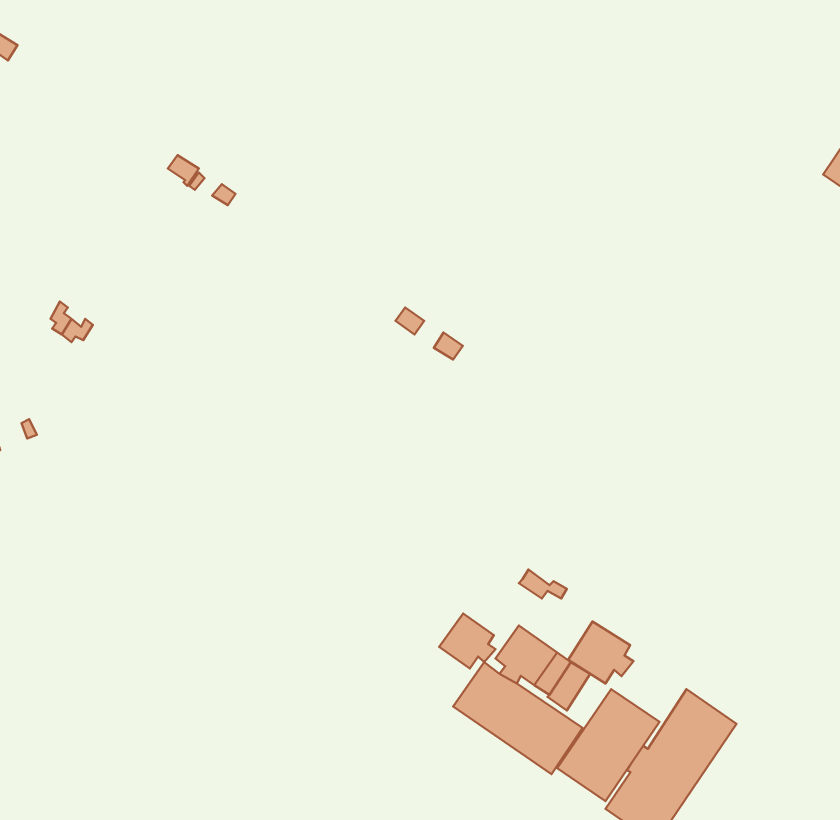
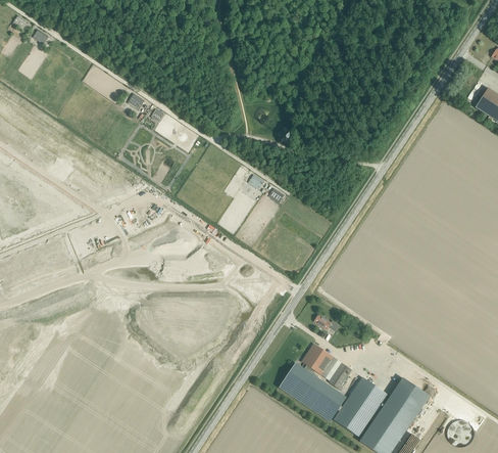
building: [439,613,496,669] -> none
building: [568,621,634,684] -> none

